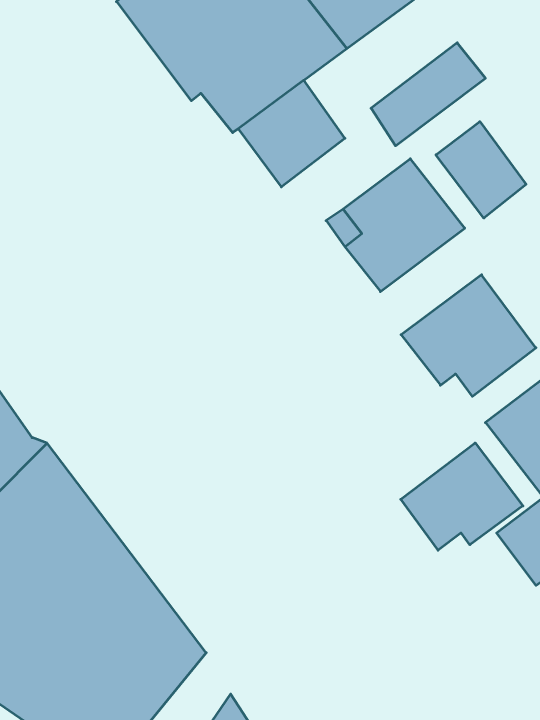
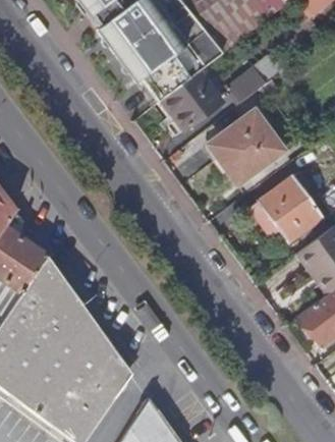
building: [436,122,526,218] -> none
building: [401,443,523,550] -> none

